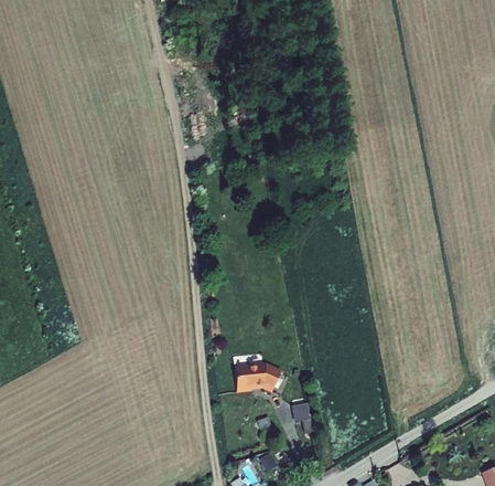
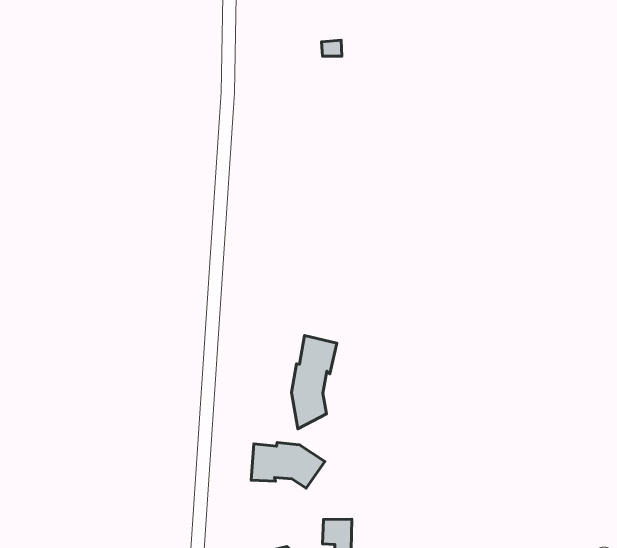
building: none -> [291,335,337,429]

